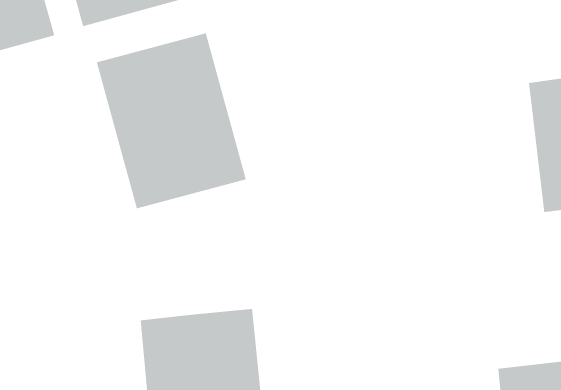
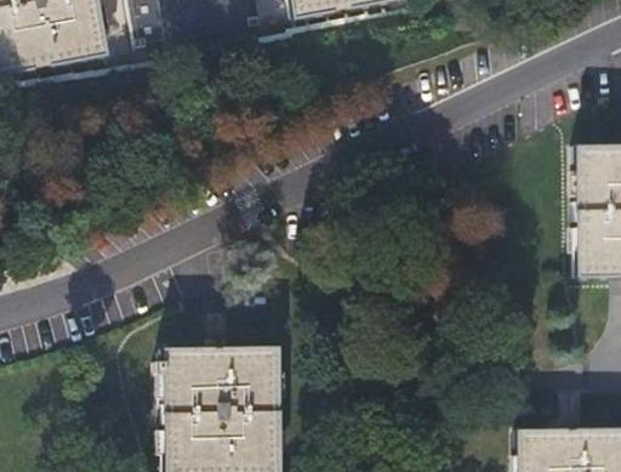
building: [96,32,246,209] -> none

